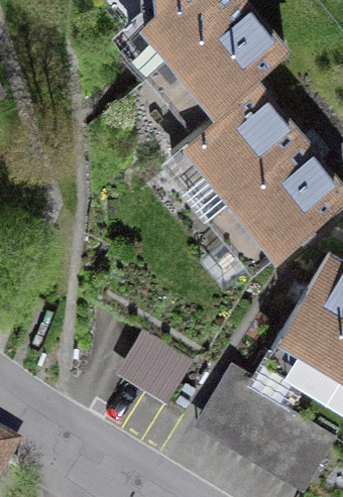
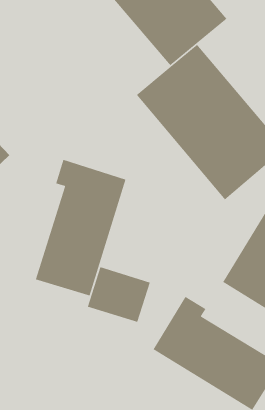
building: none -> [35,159,127,297]

